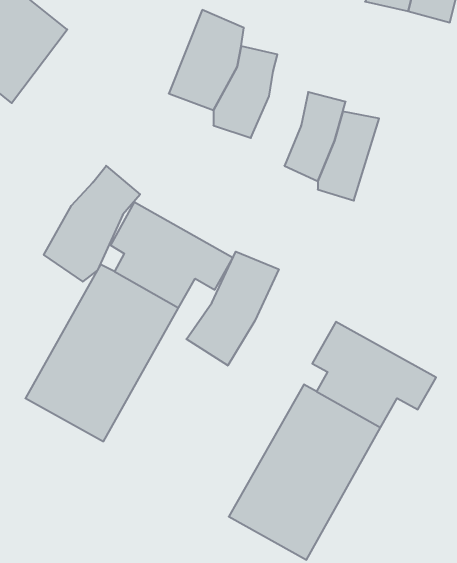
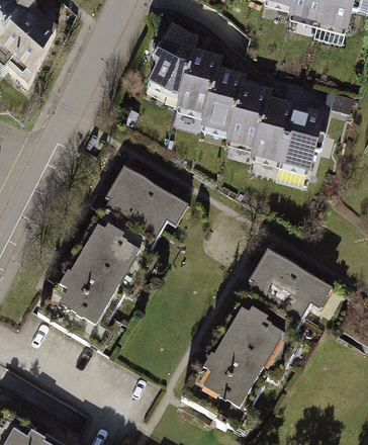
building: none -> [200,68,247,137]
building: none -> [279,102,329,172]
building: [44,166,140,282] -> none
building: [186,252,279,366] -> none

